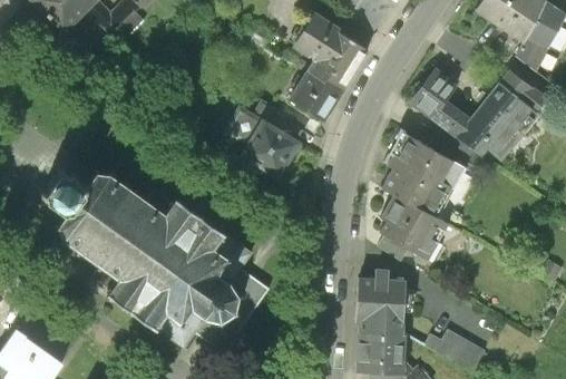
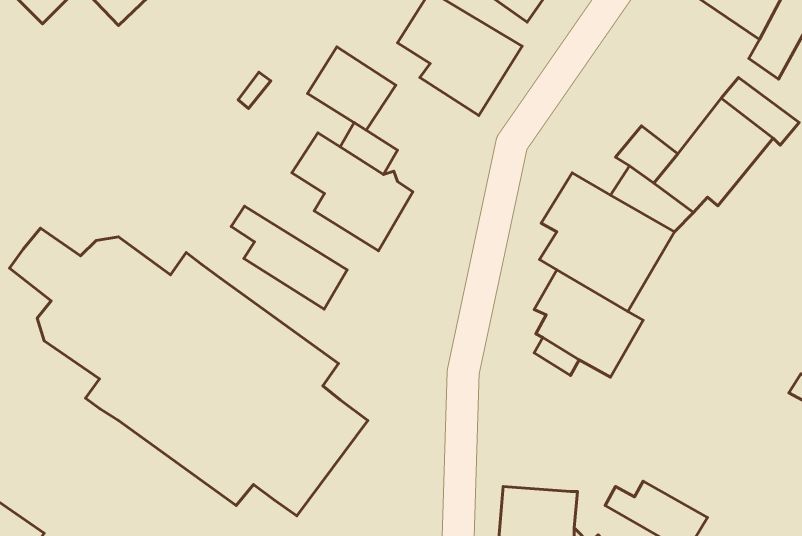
building: [286,70,343,124] -> [307,47,396,130]
building: [411,70,459,122] -> none
building: none -> [231,206,347,309]
building: [354,270,406,337] -> none

